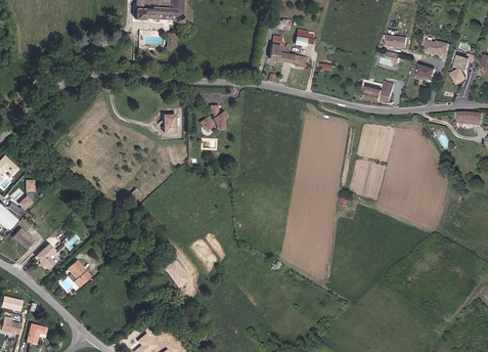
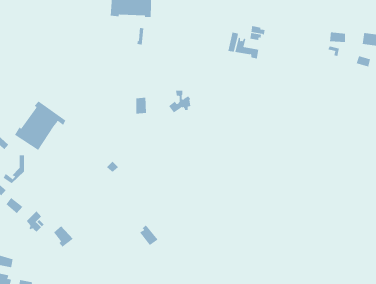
building: [364,81,394,102] -> none
building: none -> [14,100,66,151]

